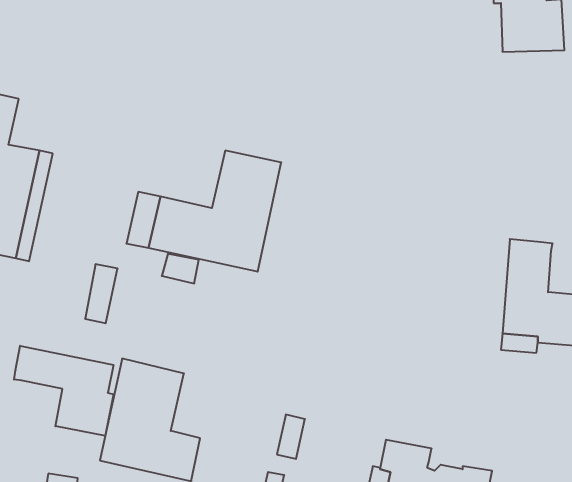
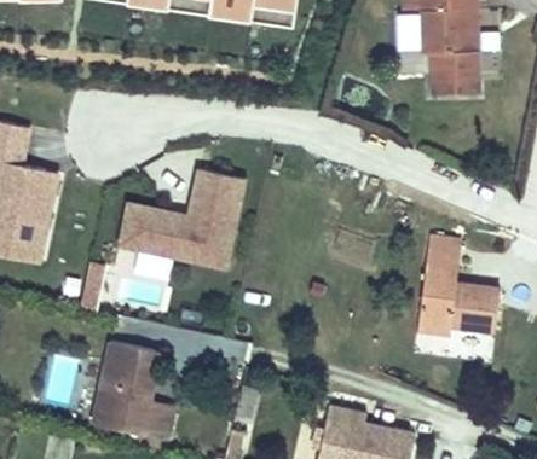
building: [14,346,114,436] -> none

